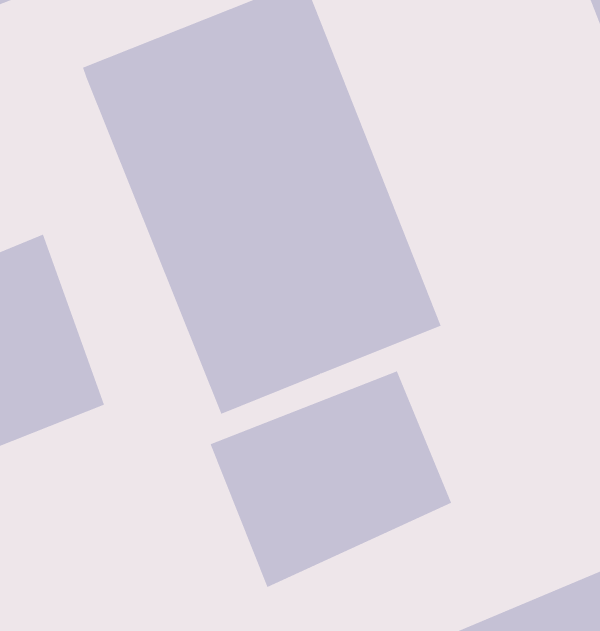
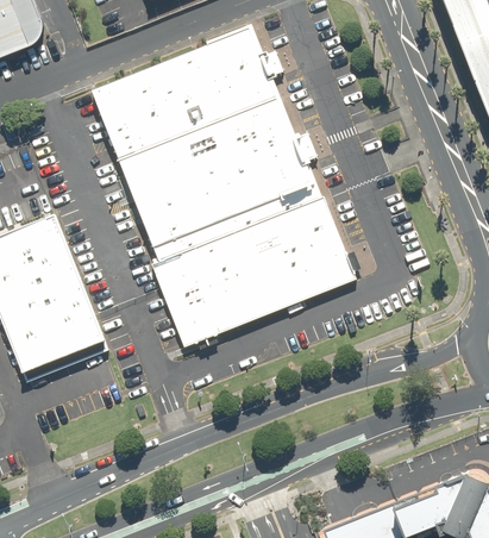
building: [210,371,452,588] -> none

